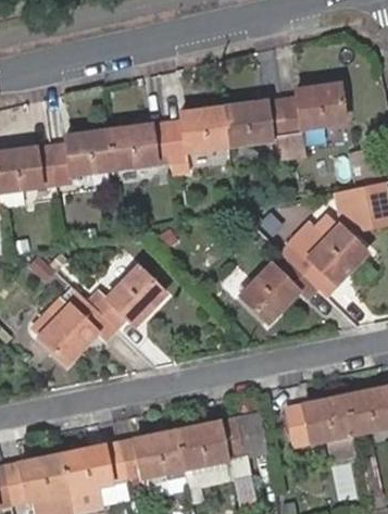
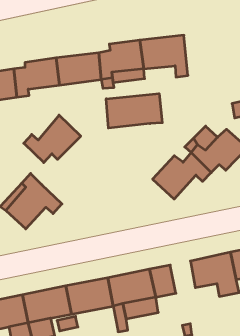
building: [279,85,341,155] -> none
building: none -> [106,94,162,128]
building: [87,265,164,329] -> [24,115,81,163]

